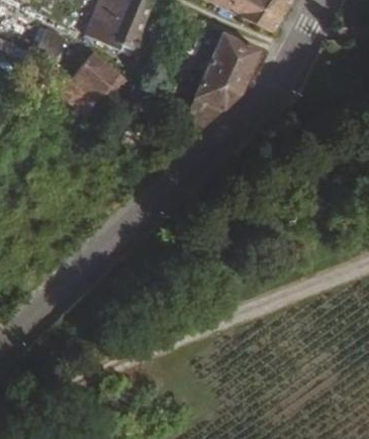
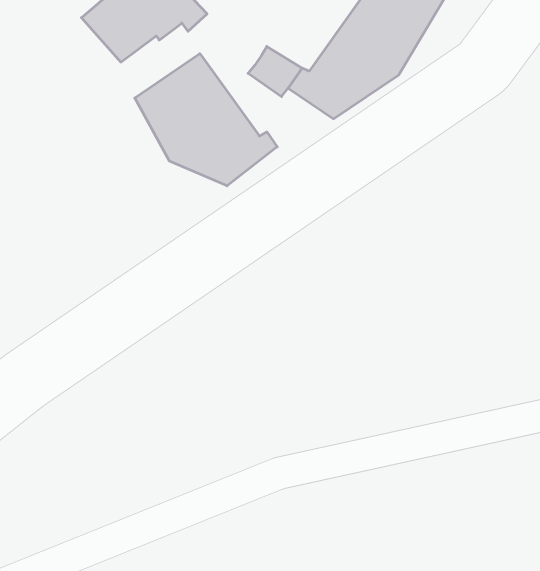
building: none -> [135,54,277,186]

